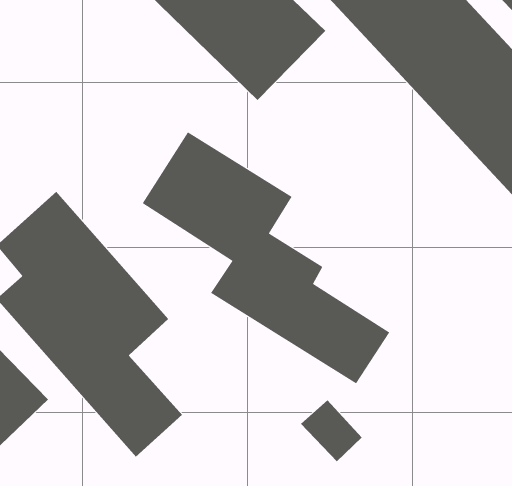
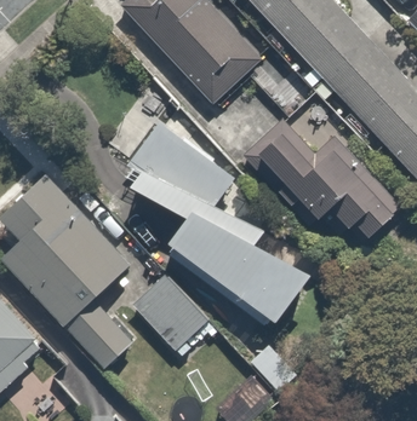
building: none -> [241,98,406,248]
building: none -> [127,266,215,354]

